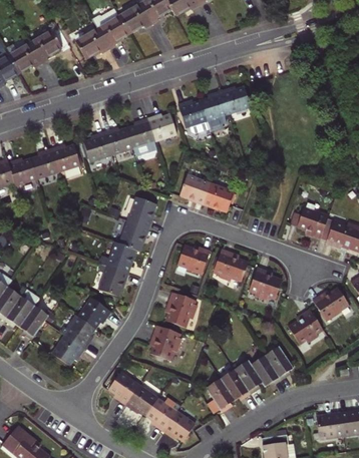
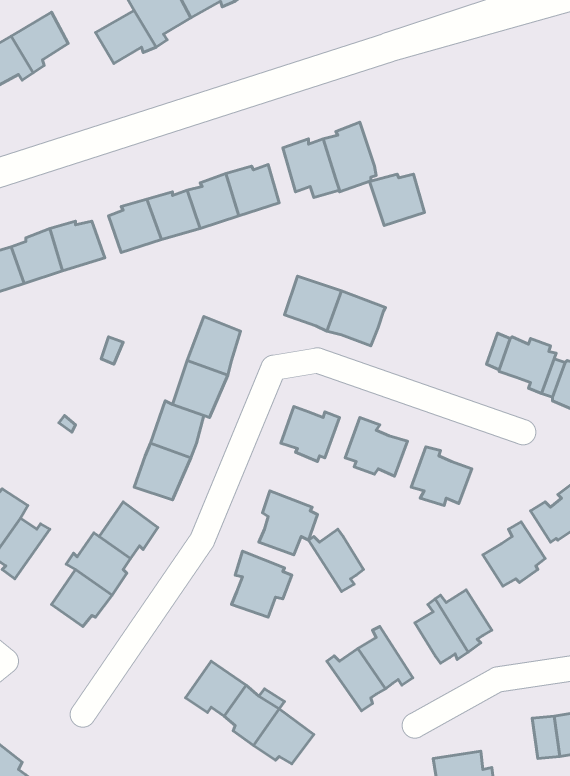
building: [221,86,251,114] -> [370,174,425,225]
building: [232,360,262,394] -> [308,529,363,592]
building: [109,372,139,405] -> none

